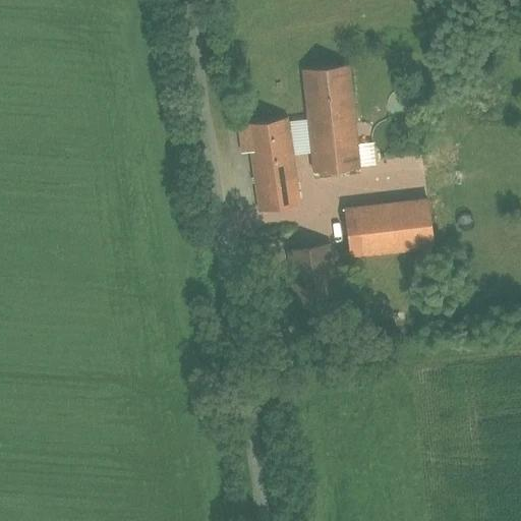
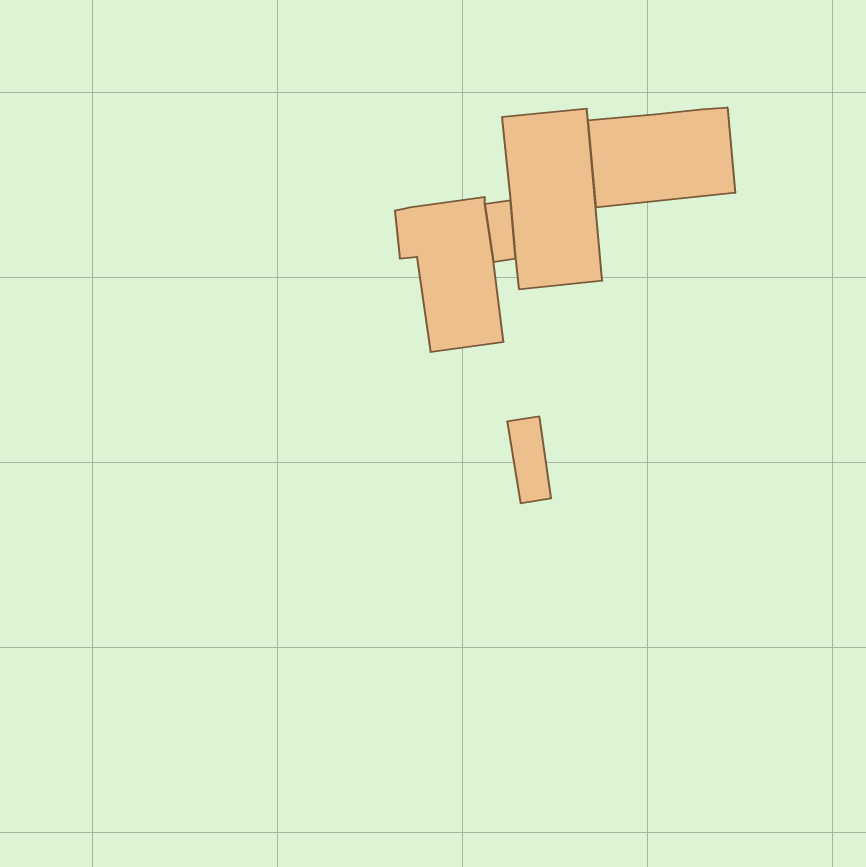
building: none -> [588,107,735,208]
building: [347,198,438,257] -> none

